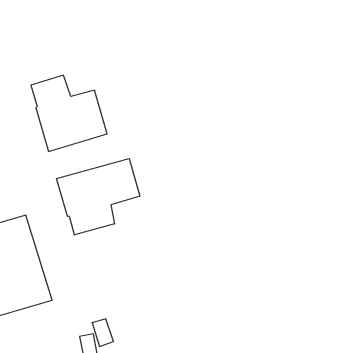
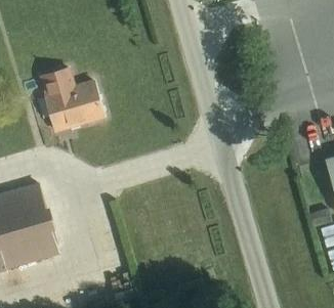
building: [57,159,140,235] -> none

